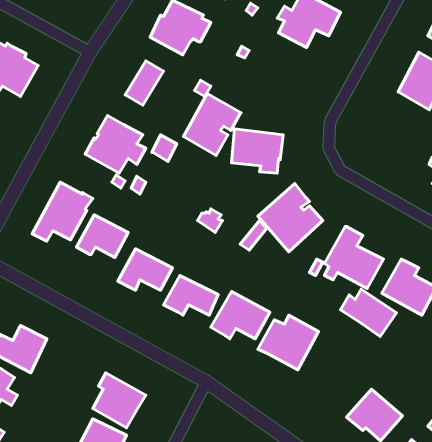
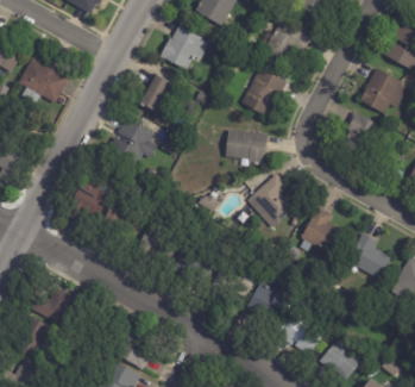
building: [184,94,241,156] -> [240,67,287,117]
building: none -> [340,110,381,157]
building: [340,289,397,336] -> [275,317,320,355]

